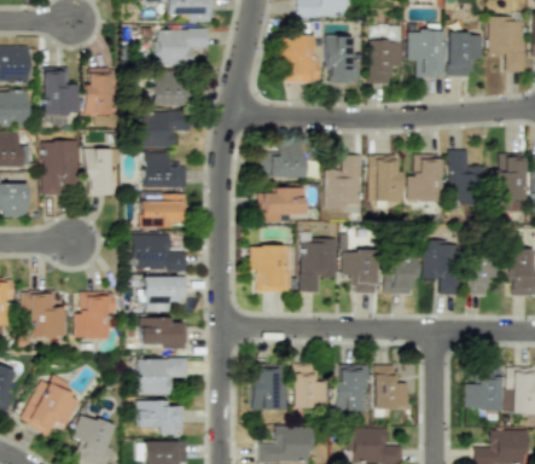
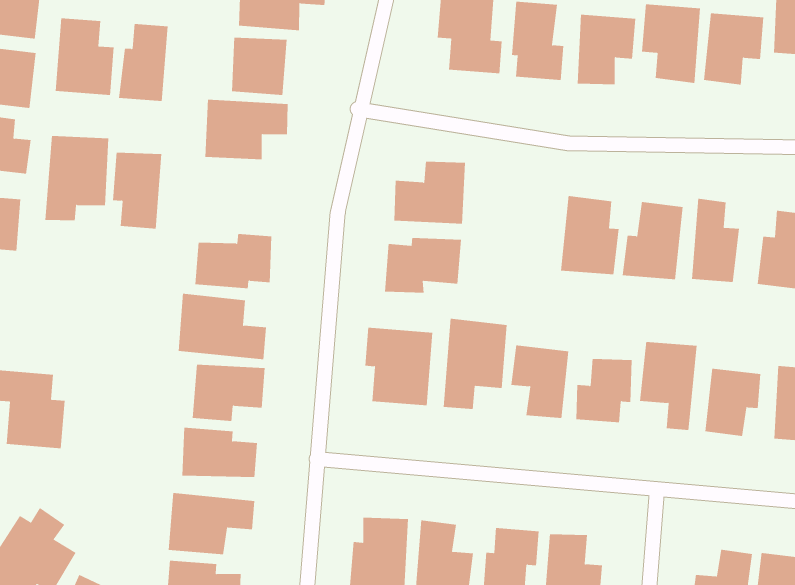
building: [144,152,187,187] -> none
building: [324,153,362,209] -> none
building: [75,291,115,338] -> none

